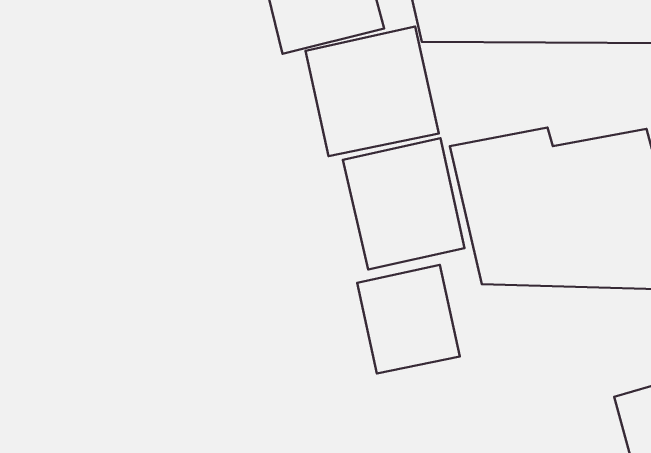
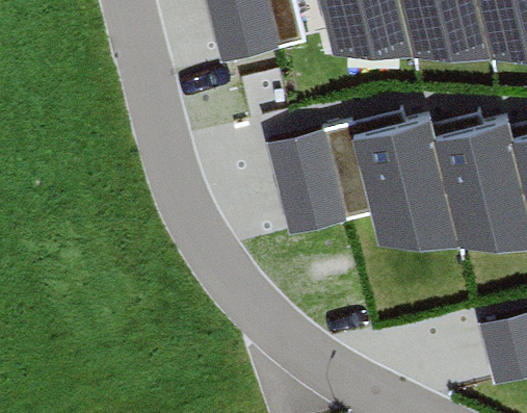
building: [306,27,439,156] -> none
building: [357,265,460,374] -> none

